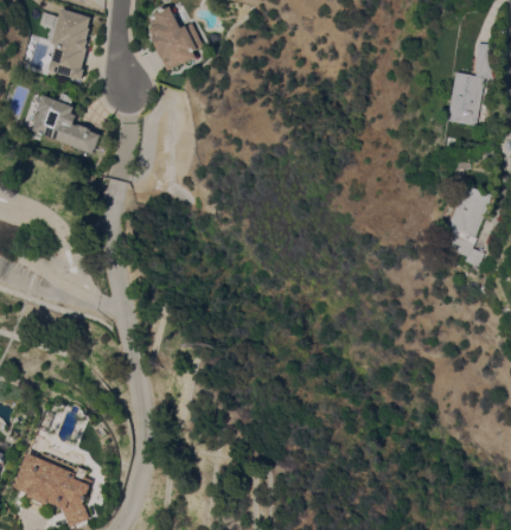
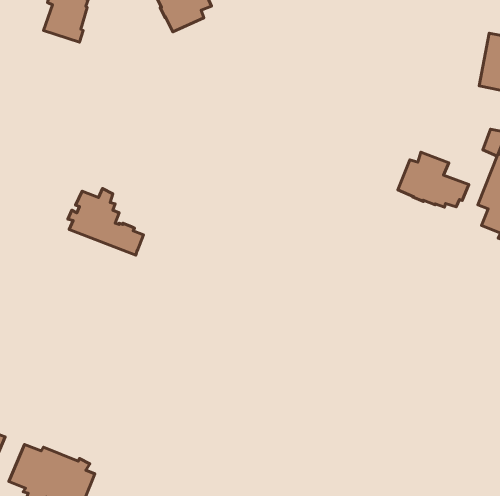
building: [26,92,96,154] -> [68,189,143,255]
building: none -> [398,152,469,207]

